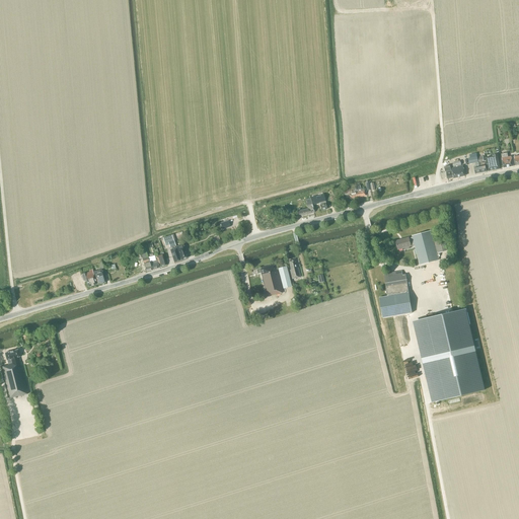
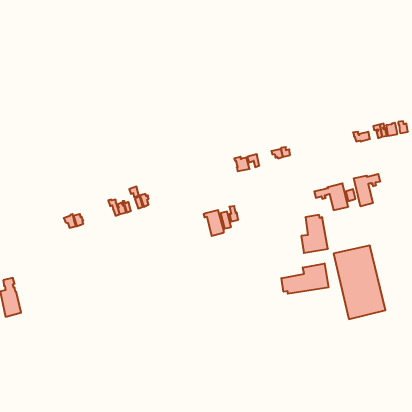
building: none -> [354,174,380,206]
building: none -> [281,263,328,294]

